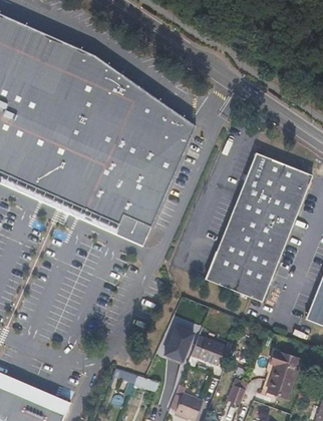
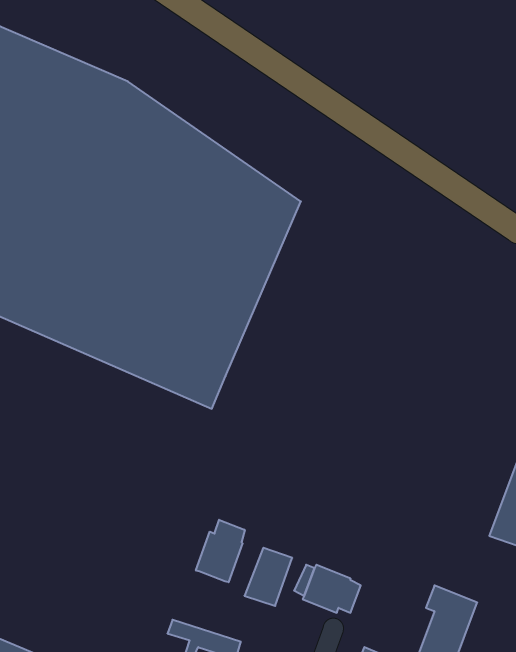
building: [205,151,313,301] -> none
building: none -> [196,520,245,582]

